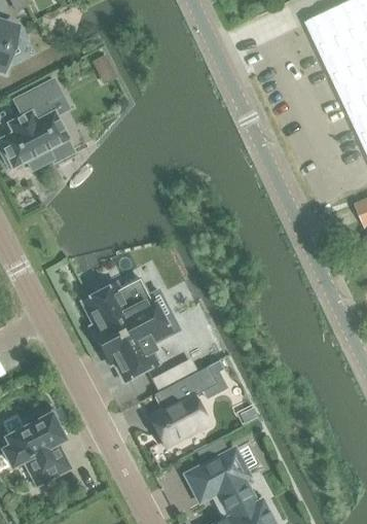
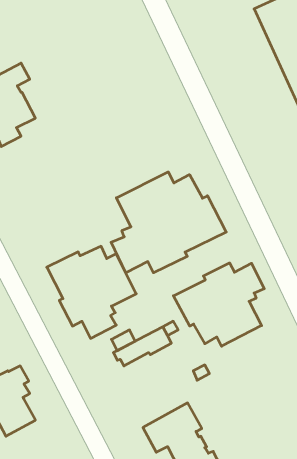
building: none -> [111,172,226,273]
building: none -> [173,263,264,346]
building: [149,394,209,447] -> none

